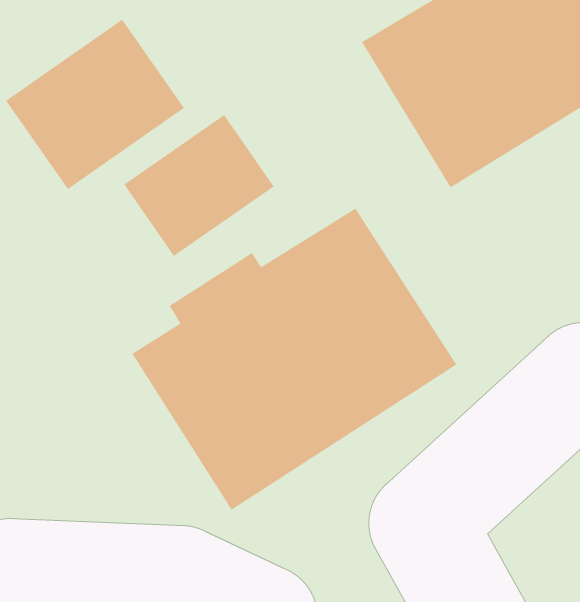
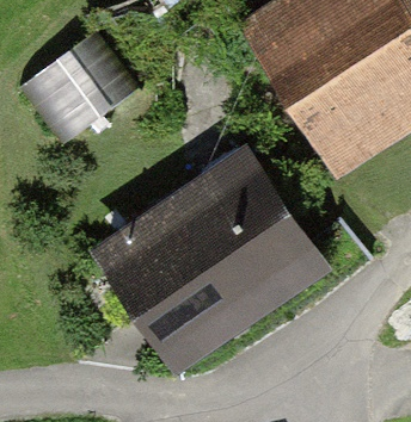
building: [124,114,275,257] -> none

